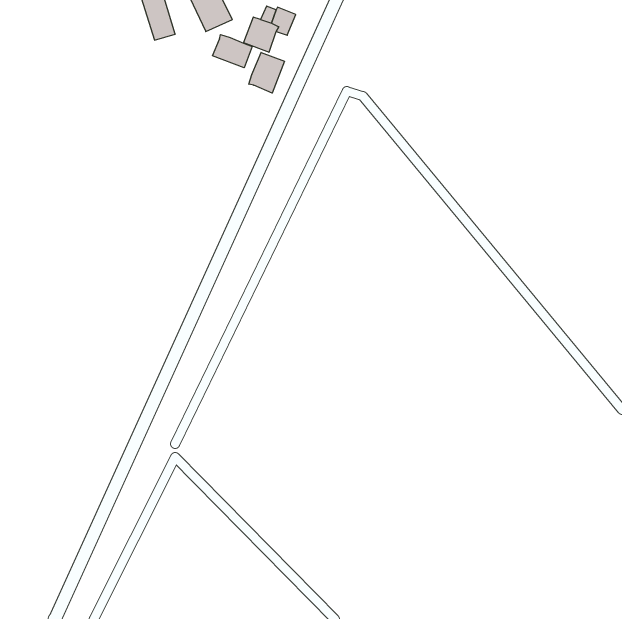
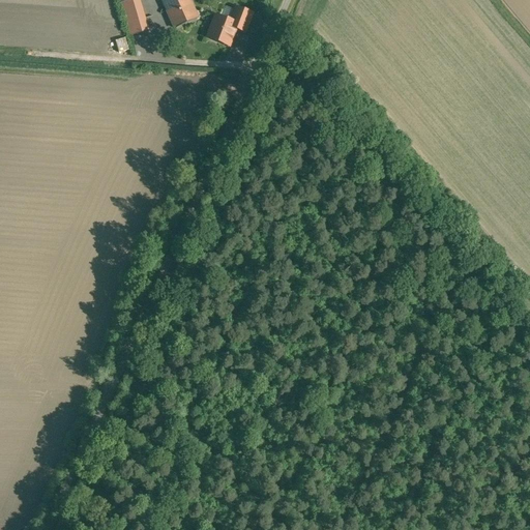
building: [213,35,252,68] -> none
building: [249,52,284,93] -> none

